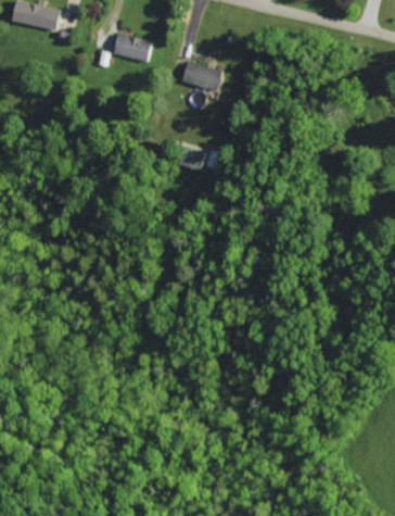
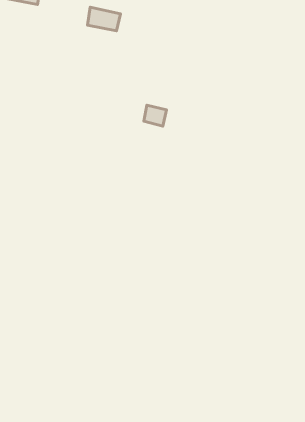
building: [182,62,221,89] -> none

